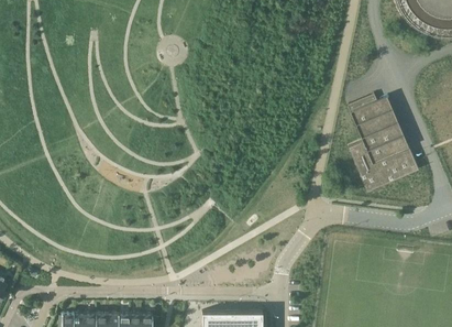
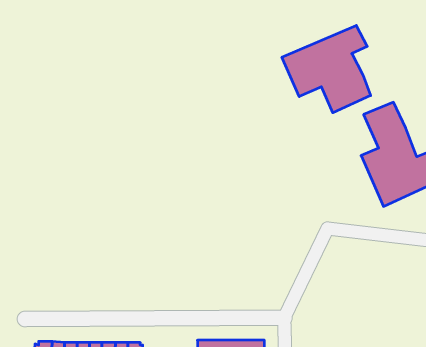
building: none -> [282,25,371,113]

